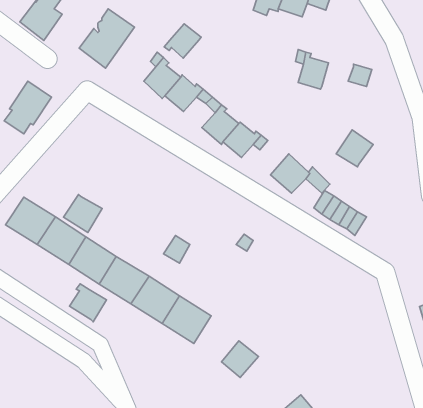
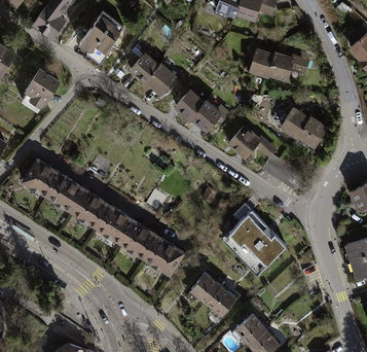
building: [164,24,201,58] -> none
building: none -> [269,52,294,78]
building: none -> [298,116,327,145]
building: [64,195,102,232] -> none
building: none -> [228,211,286,270]
building: [69,284,107,322] -> none
building: none -> [206,284,234,313]

